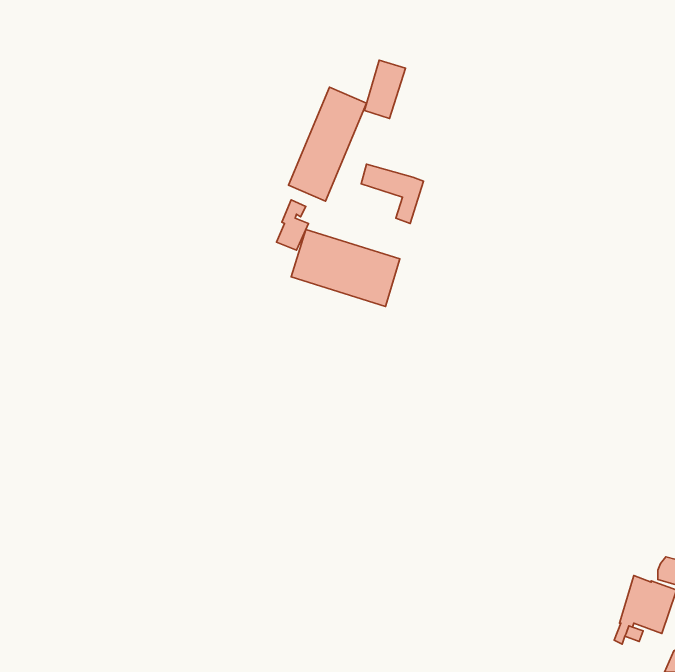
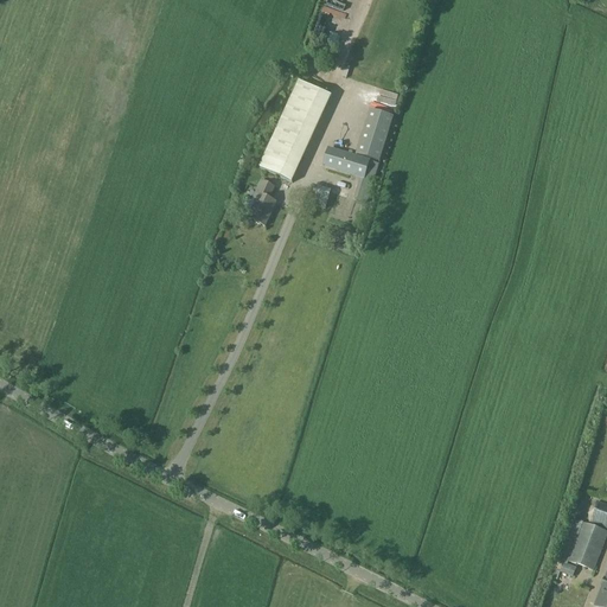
building: [364,60,406,118] -> [358,108,395,160]
building: [291,230,400,306] -> none

